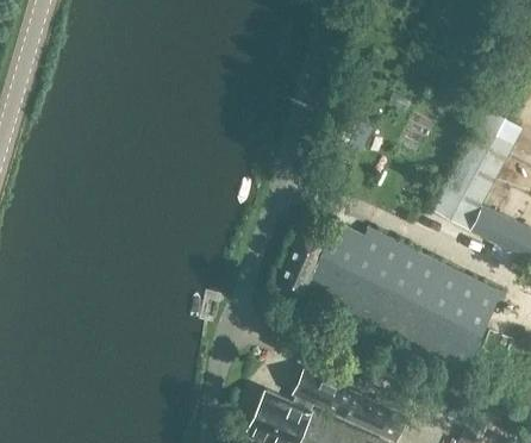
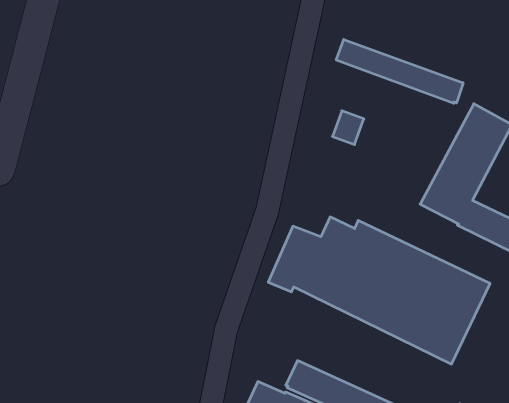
building: none -> [336,39,463,103]

